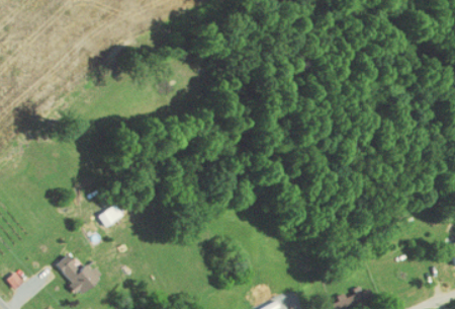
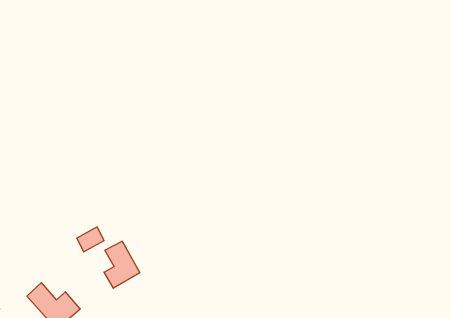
building: none -> [104,241,140,288]

